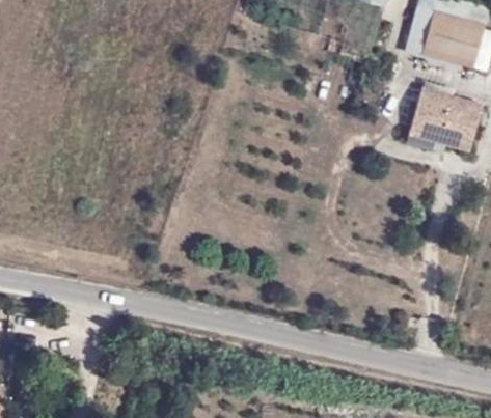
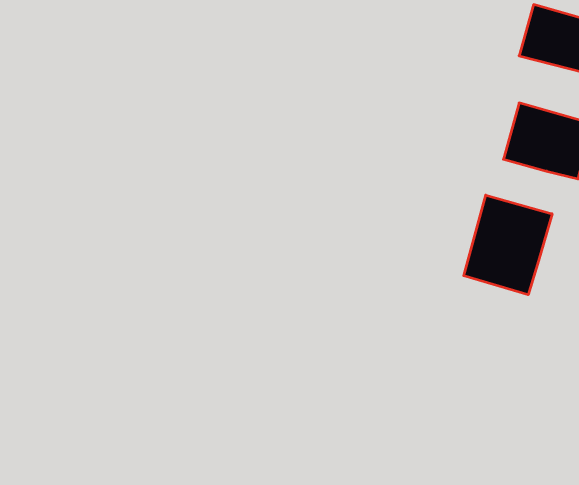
building: none -> [464,195,552,295]

